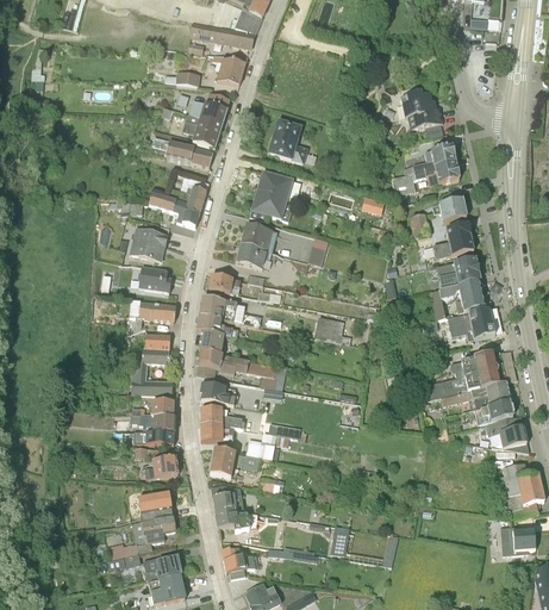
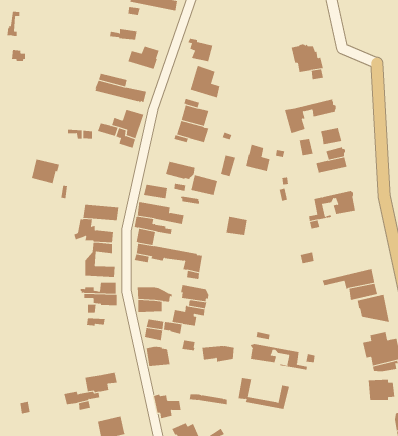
building: [212,54,245,85] -> [188,38,213,62]
building: [182,113,223,149] -> none
building: [404,139,456,174] -> none
building: none -> [245,144,270,172]
building: [242,223,277,250] -> [190,175,218,196]
building: [130,229,167,261] -> [31,159,60,184]
building: [437,259,481,290] -> none
building: [139,266,171,292] -> none
building: [447,309,495,340] -> none
building: [418,353,506,403] -> none
building: [200,380,238,403] -> [180,284,209,302]
building: [142,458,179,478] -> none
building: none -> [250,343,307,370]
building: [138,493,173,521] -> none
building: [216,508,258,529] -> [201,346,234,362]
building: [143,556,180,583] -> none

